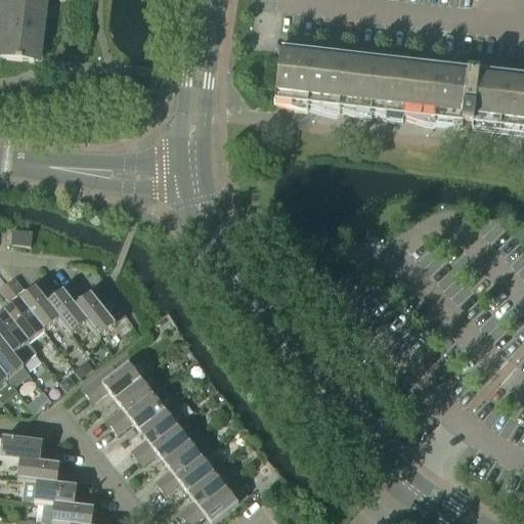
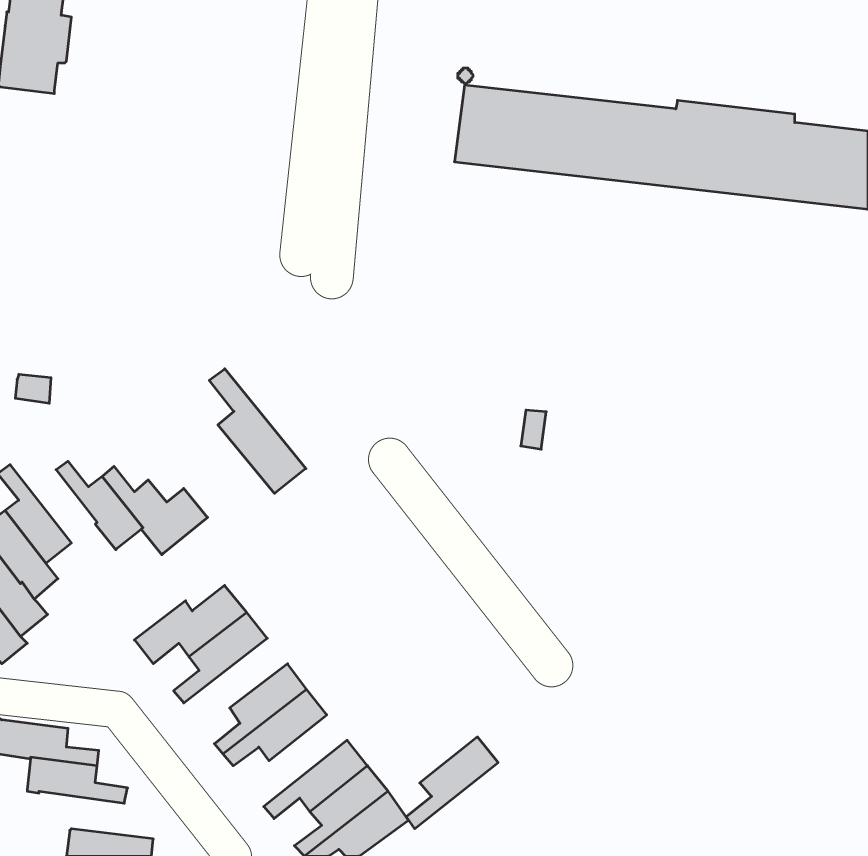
building: none -> [209,369,306,493]
building: [6,274,58,326] -> none
building: [111,384,173,430] -> none
building: [154,430,209,485] -> [406,737,498,829]
building: [20,476,93,505] -> none

